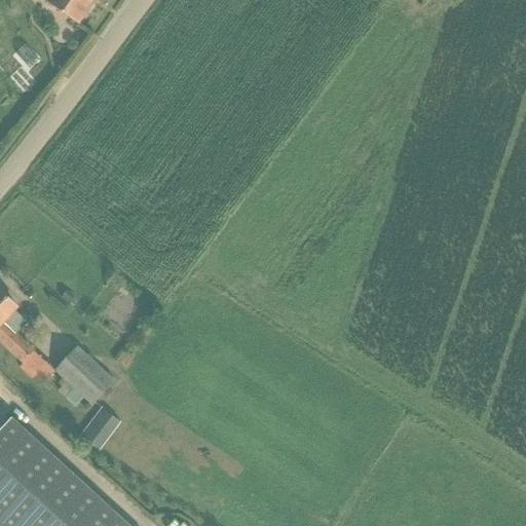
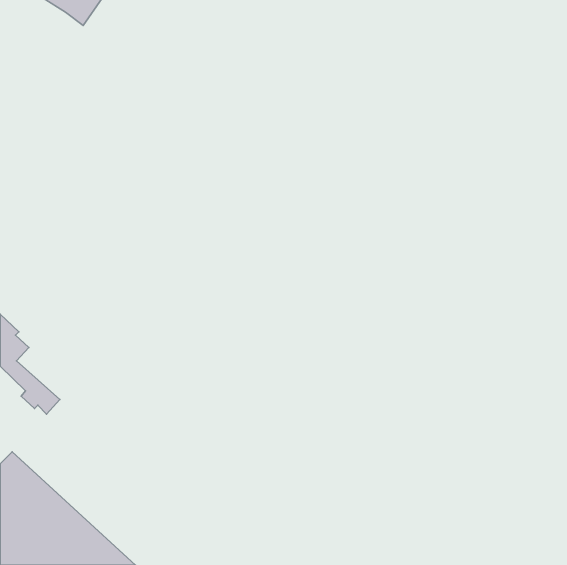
building: [55,347,114,405] -> none
building: [82,405,123,449] -> none

